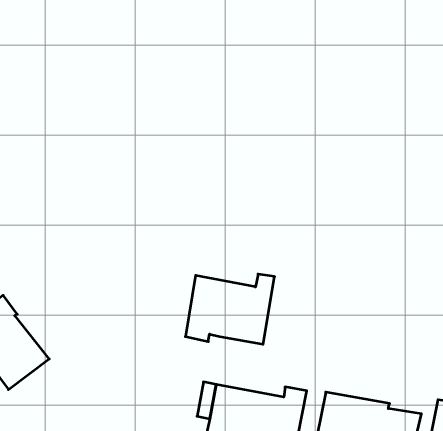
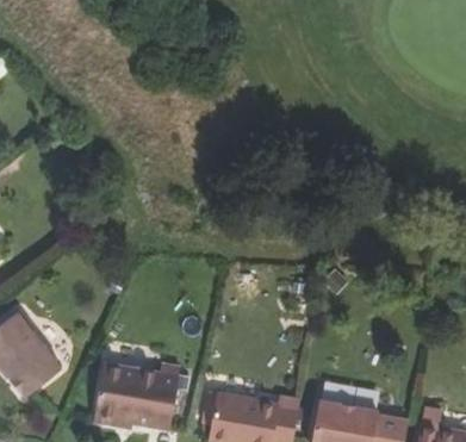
building: [185,274,275,344] -> [98,363,181,429]

